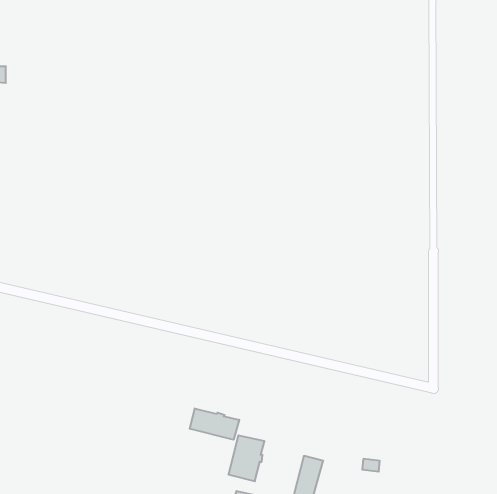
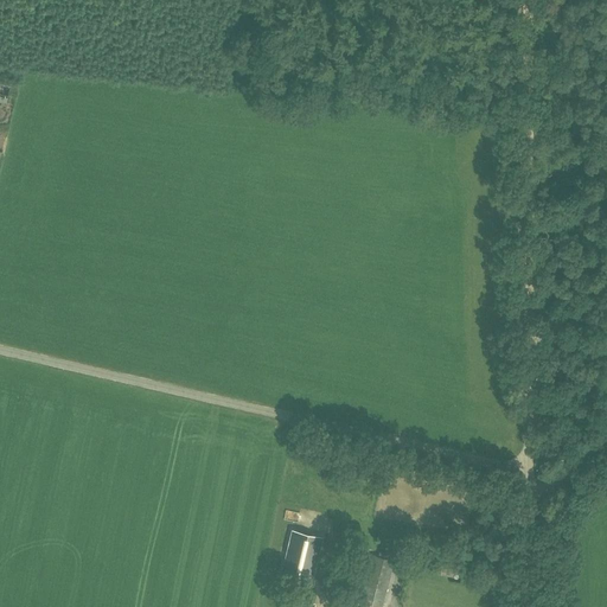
building: [190,408,239,440] -> none

